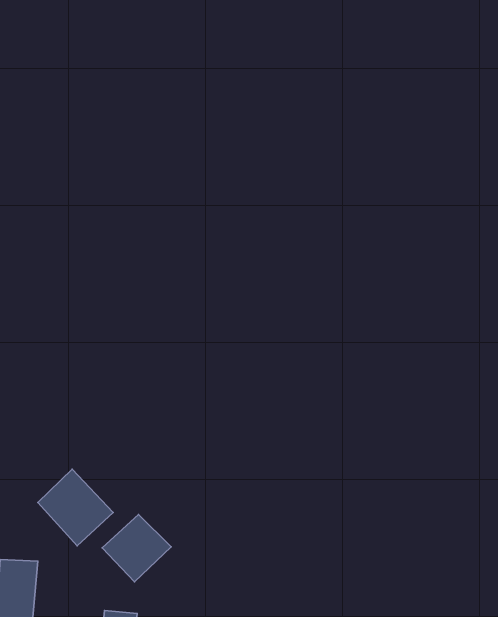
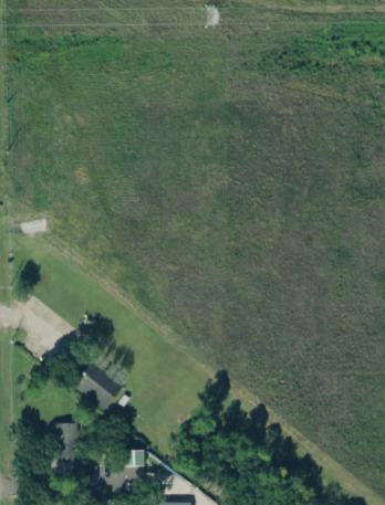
building: [102,514,171,582] -> none

